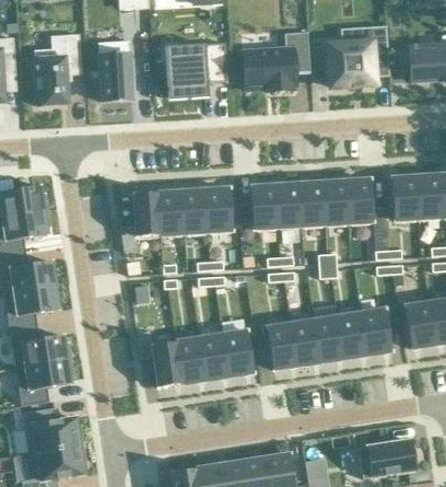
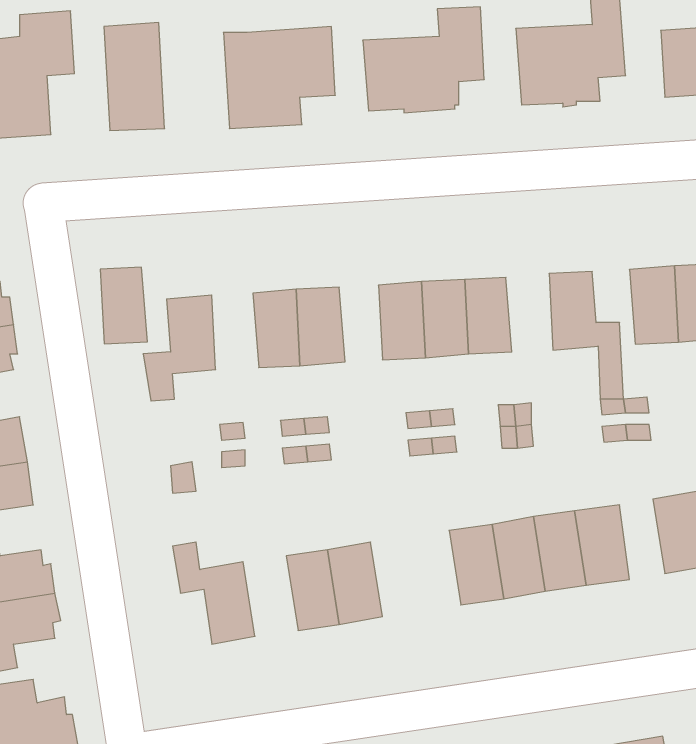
building: [321,179,348,223] -> none
building: [157,190,184,233] -> [100,267,147,344]
building: [266,323,296,368] -> none
building: [175,337,206,382] -> none

